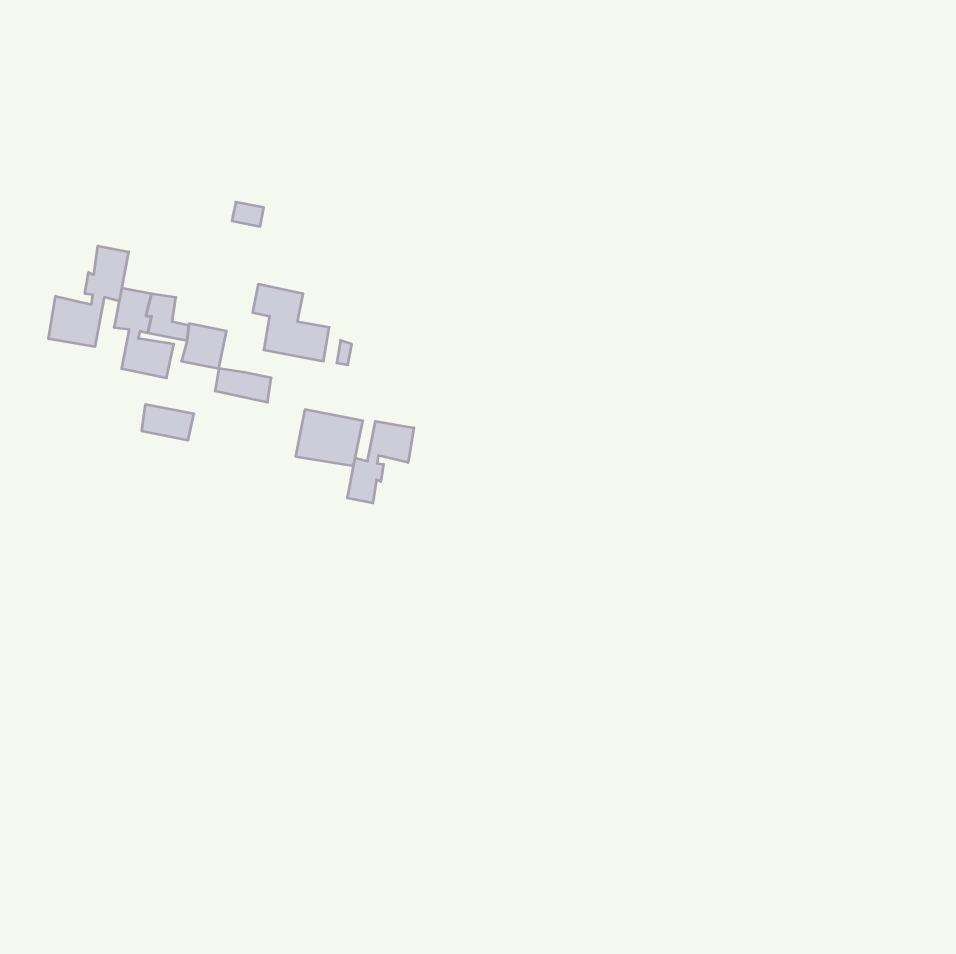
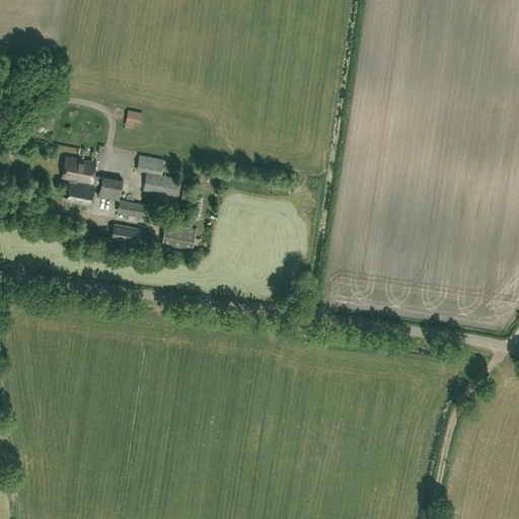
building: [49,246,129,347] -> none
building: [142,405,194,440] -> [112,224,140,243]
building: [347,421,414,503] -> none

